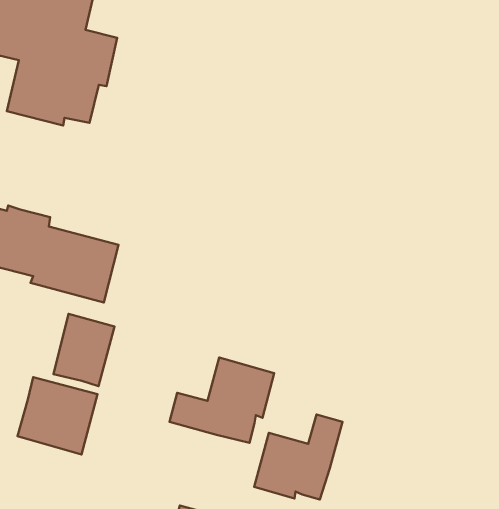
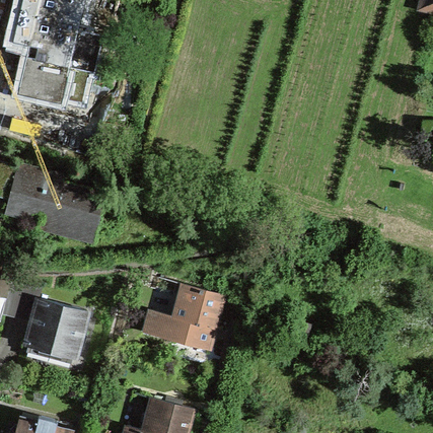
building: [53,314,114,386] -> none
building: [254,414,343,500] -> none

